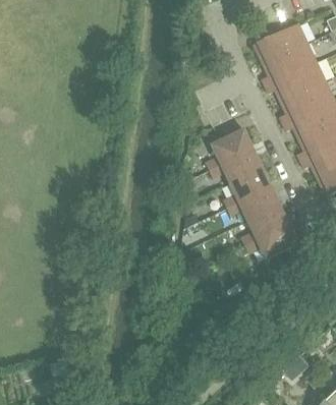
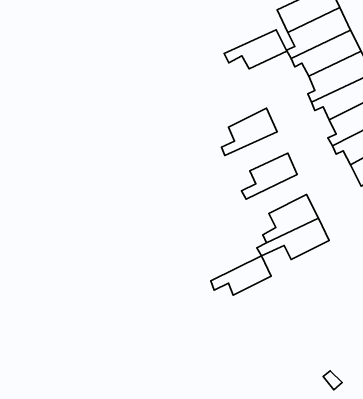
building: [209,149,263,182] -> [224,30,287,69]
building: [227,185,279,219] -> [211,256,271,295]

